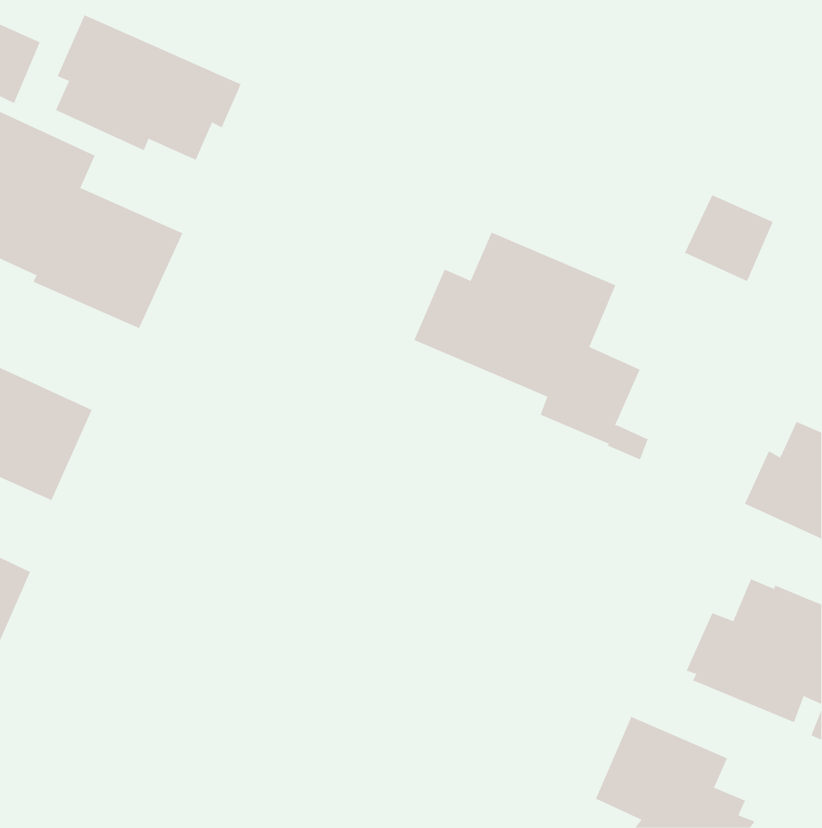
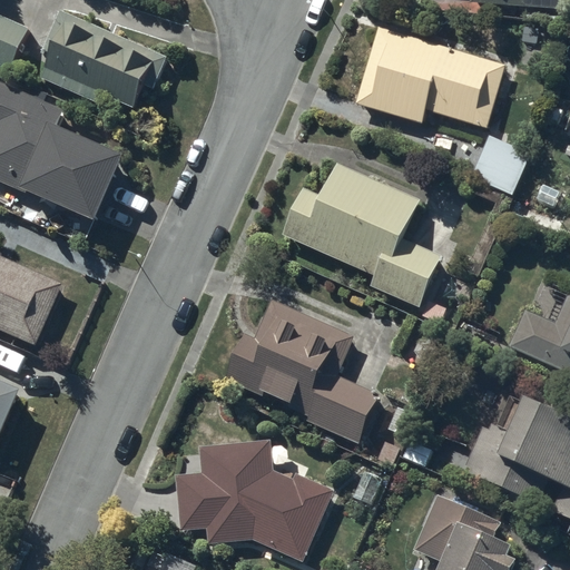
building: none -> [355,27,504,126]
building: none -> [225,301,383,443]
building: none -> [175,441,333,560]

